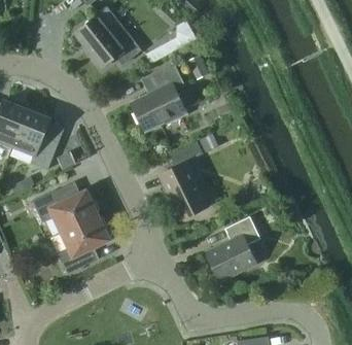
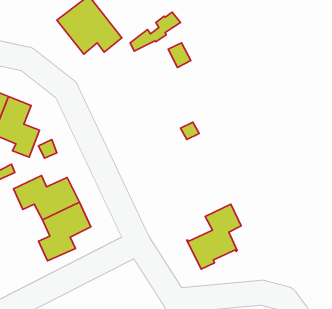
building: [130,63,186,132] -> none
building: [159,140,207,219] -> none

